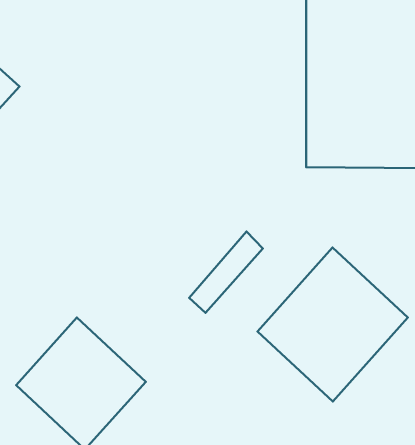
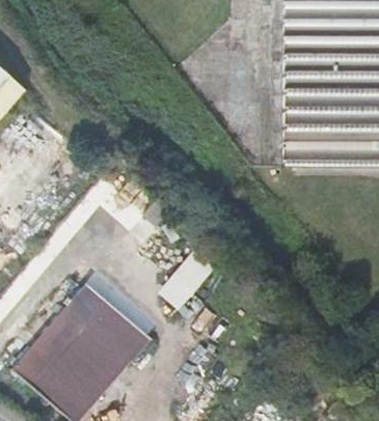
building: [258,247,408,401] -> none
building: none -> [71,276,155,359]

